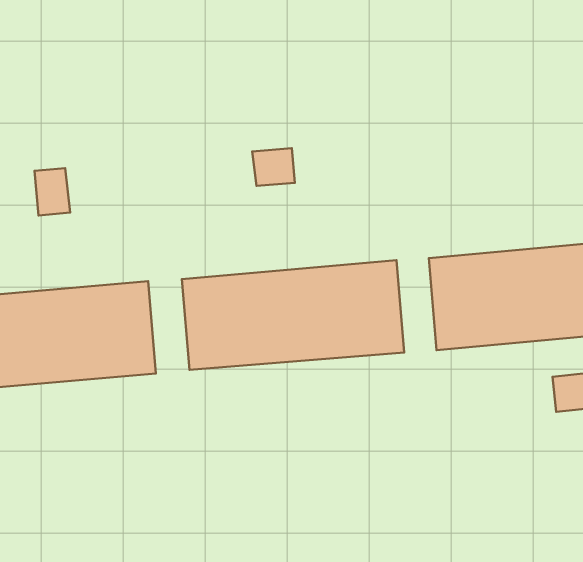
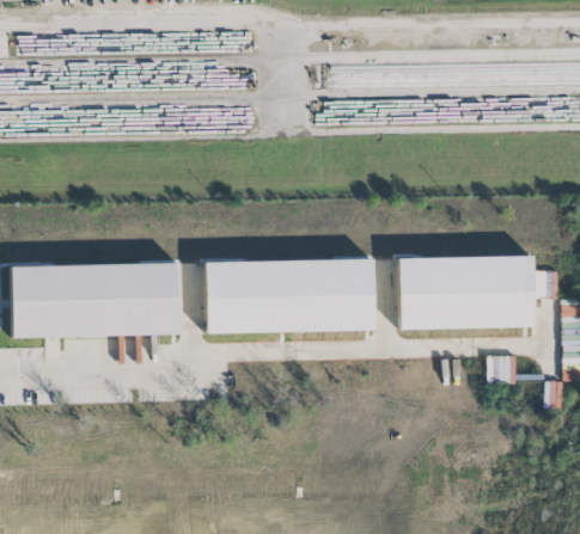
building: [252,148,295,186] -> none
building: [35,168,70,215] -> none

